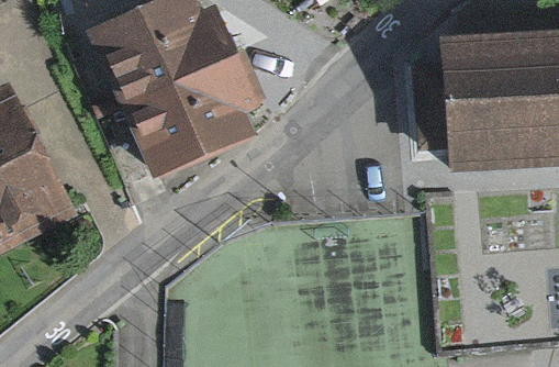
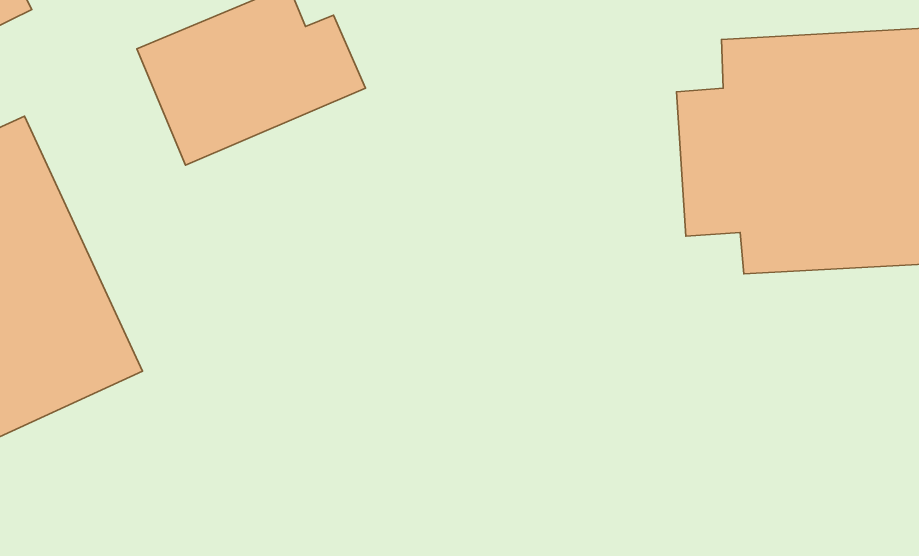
building: [123,58,247,171] -> none

